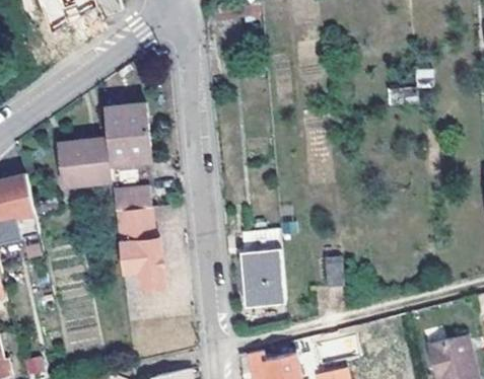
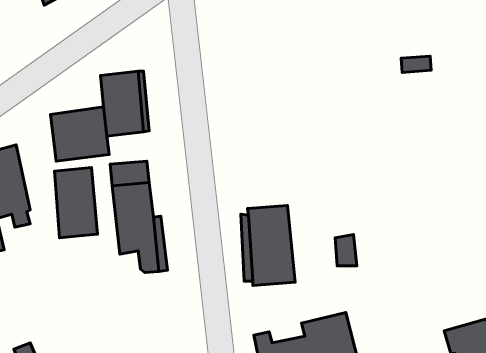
building: none -> [54,167,97,238]

